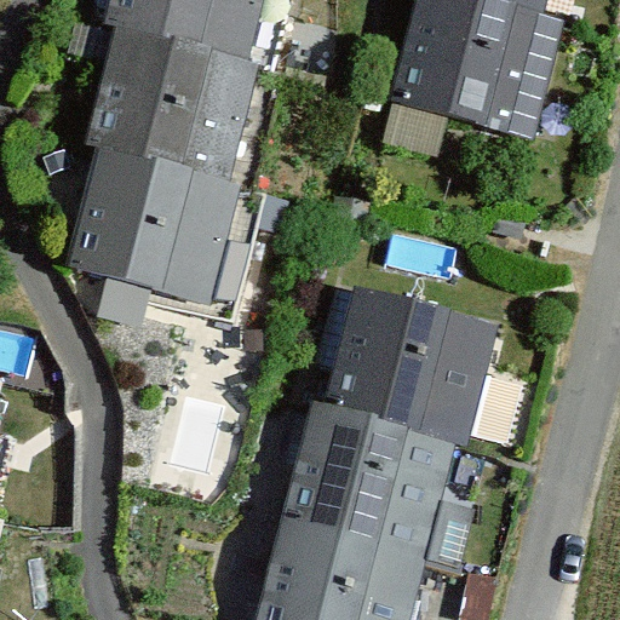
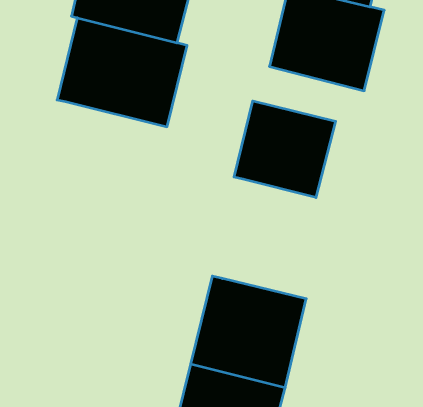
building: none -> [234,101,336,198]
building: [69,154,259,310] -> none
building: [325,293,490,443] -> none

